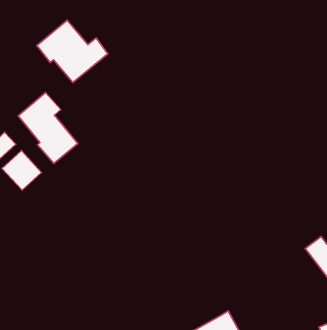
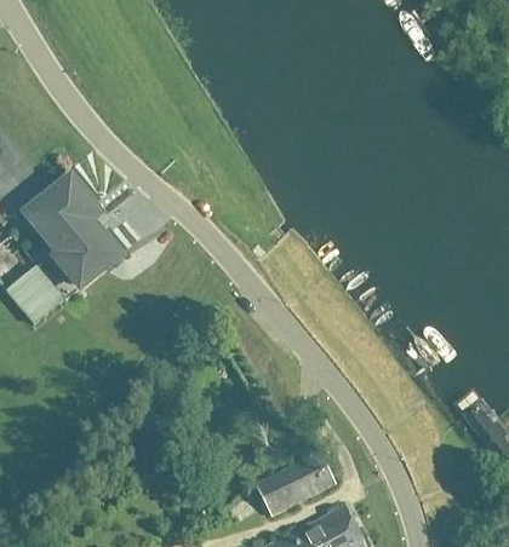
building: [37,20,108,83] -> none
building: none -> [256,451,336,514]

